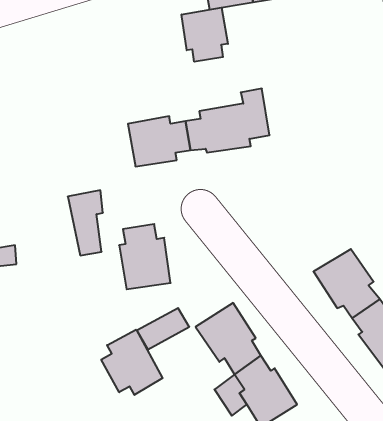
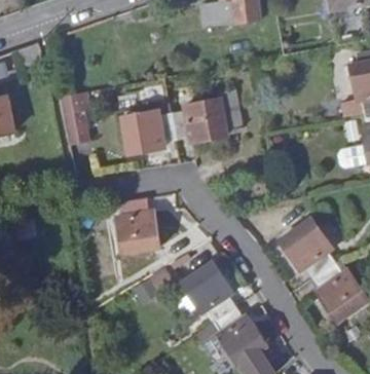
building: [182,8,228,62] -> none
building: [68,190,103,255] -> [60,88,88,142]
building: [101,330,163,395] -> none

